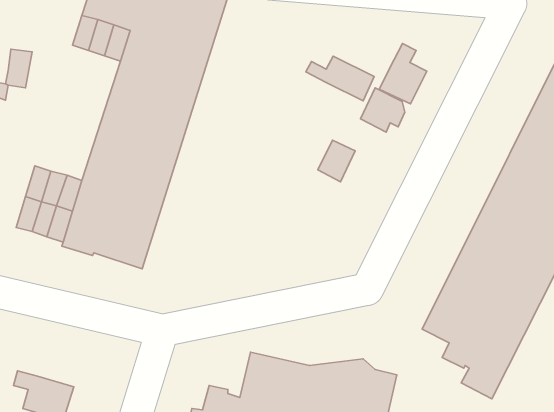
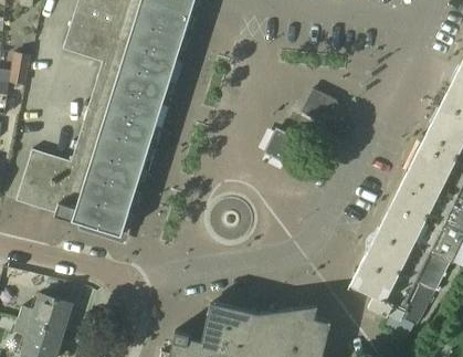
building: [379,44,427,104] -> none
building: [306,56,374,101] -> none
building: none -> [18,293,73,332]

